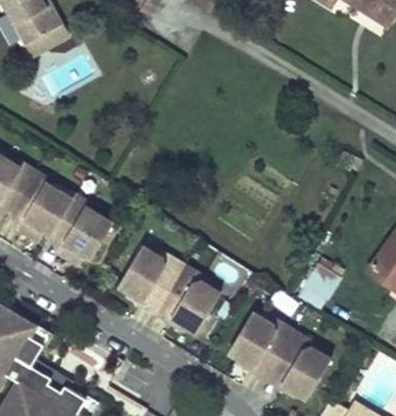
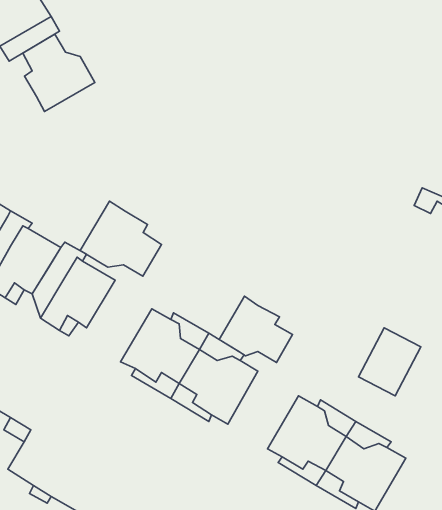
building: none -> [23,34,95,112]
building: none -> [80,201,162,276]
building: none -> [219,296,293,363]

